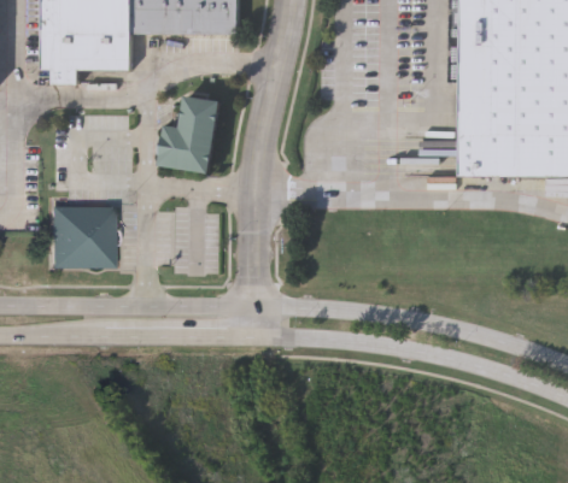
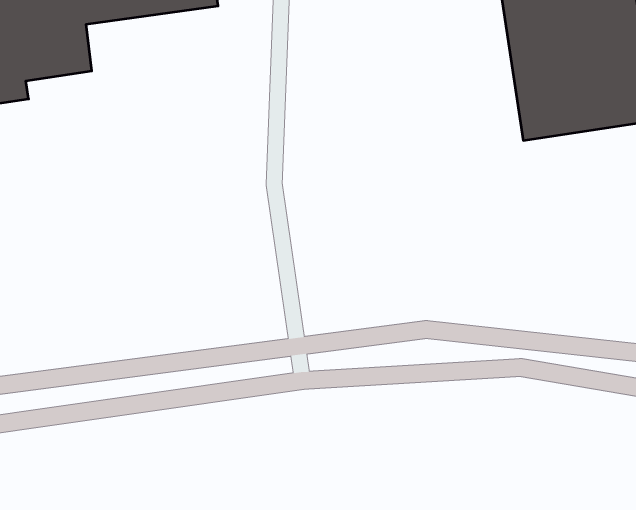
building: [159,96,221,175] -> none
building: [47,206,111,267] -> none

